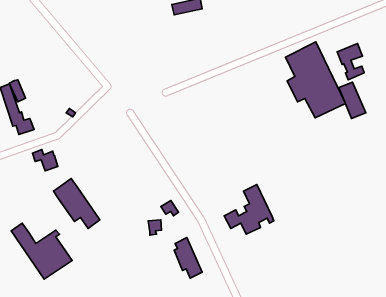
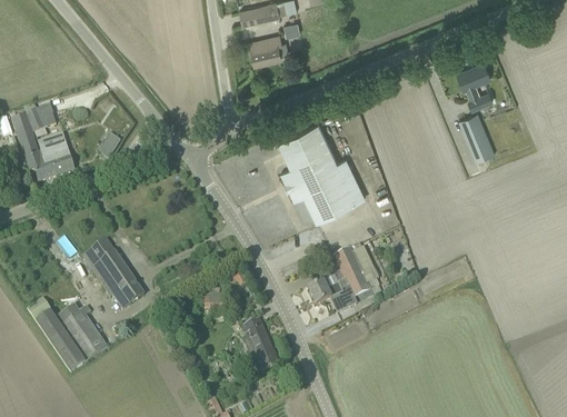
building: none -> [249,34,288,64]
building: [286,42,346,118] -> [278,121,357,221]
building: [33,150,58,171] -> [41,147,74,175]

